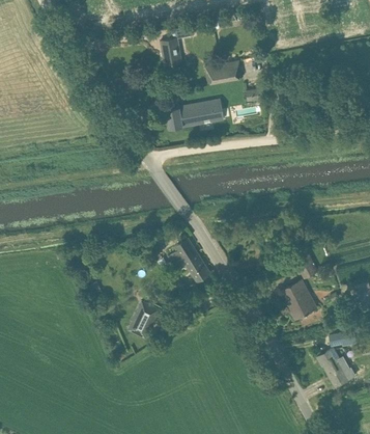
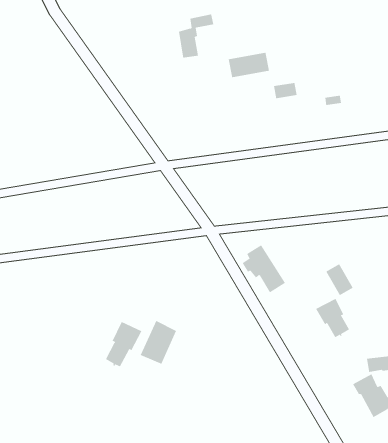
building: [167,100,223,129] -> none
building: [171,239,210,282] -> [242,244,286,293]
building: none -> [105,321,142,367]

